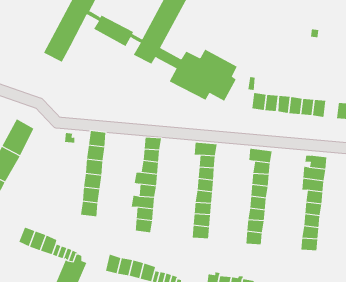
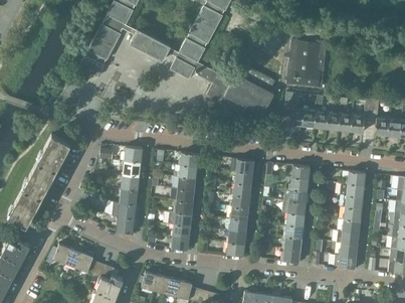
building: none -> [285,41,327,88]

